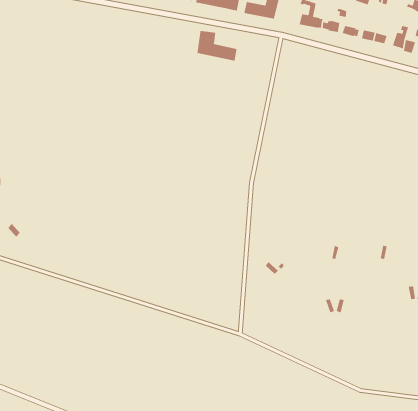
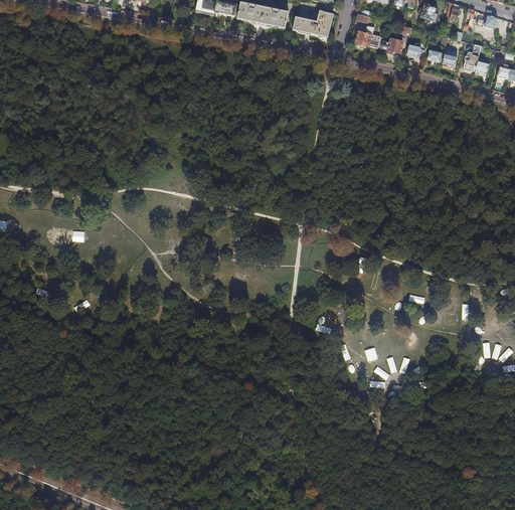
building: [197,30,237,61] -> none

